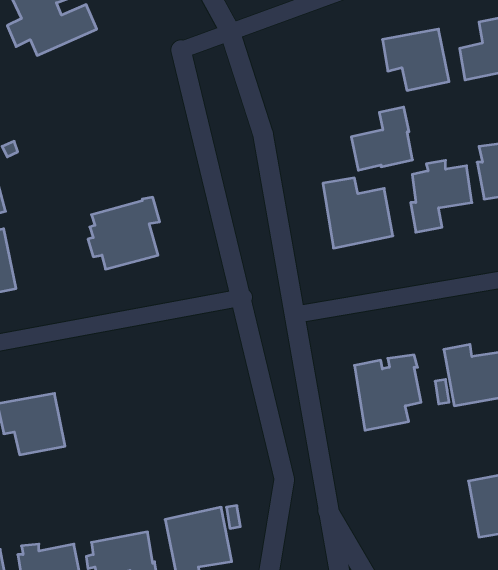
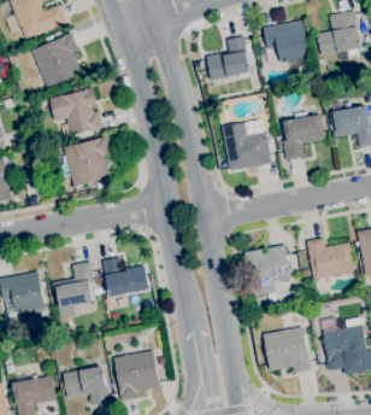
building: none -> [31,31,82,87]
building: [351,107,413,170] -> [207,36,249,80]
building: none -> [49,83,104,135]
building: none -> [102,257,149,297]
building: none -> [53,262,95,318]
building: none -> [264,327,312,373]

